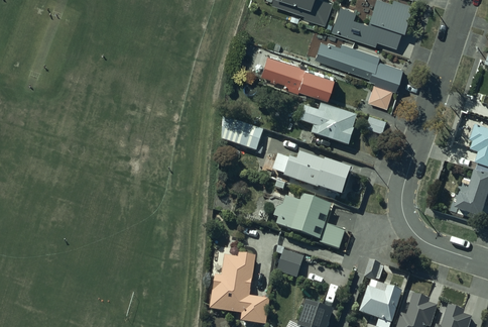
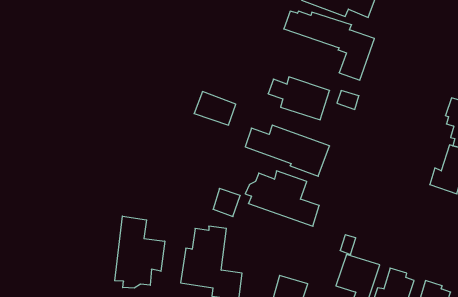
building: [263,52,333,97] -> none
building: none -> [115,216,165,288]
building: [278,247,304,275] -> [213,188,240,217]

